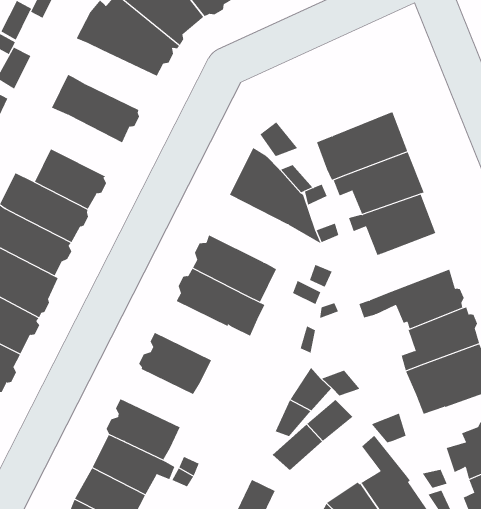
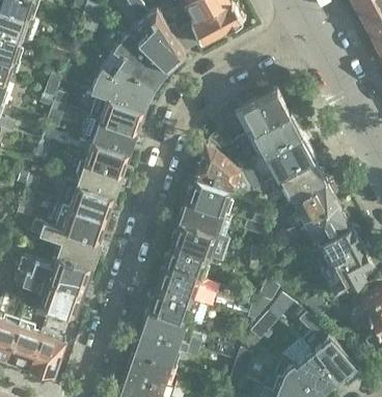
building: none -> [89,96,143,133]
building: none -> [234,91,290,138]
building: none -> [84,142,129,176]
building: none -> [188,179,233,217]
building: none -> [288,183,338,230]
building: none -> [163,247,208,280]
building: none -> [147,291,208,329]

